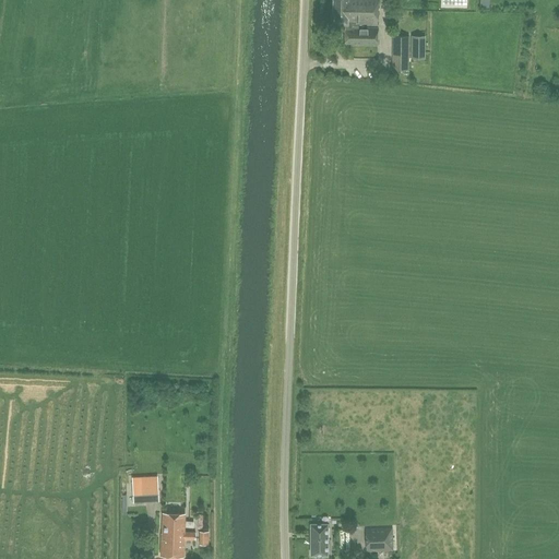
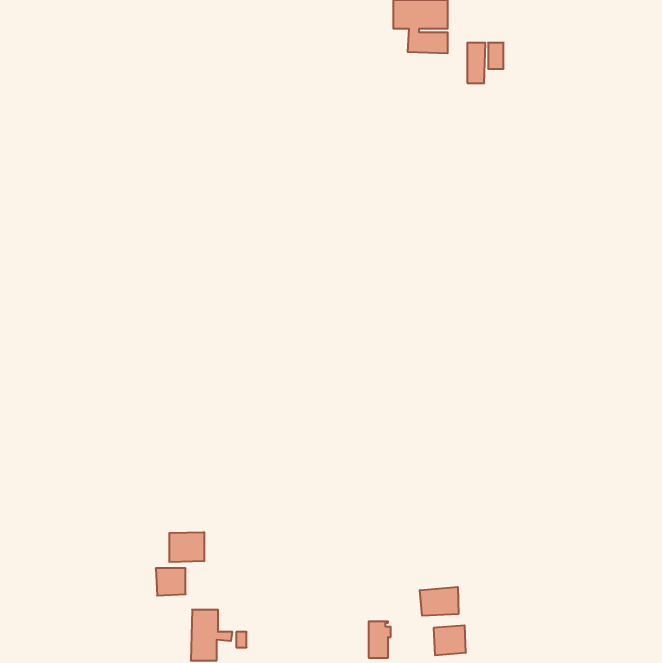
building: none -> [169,532,204,562]
building: none -> [420,587,458,616]

